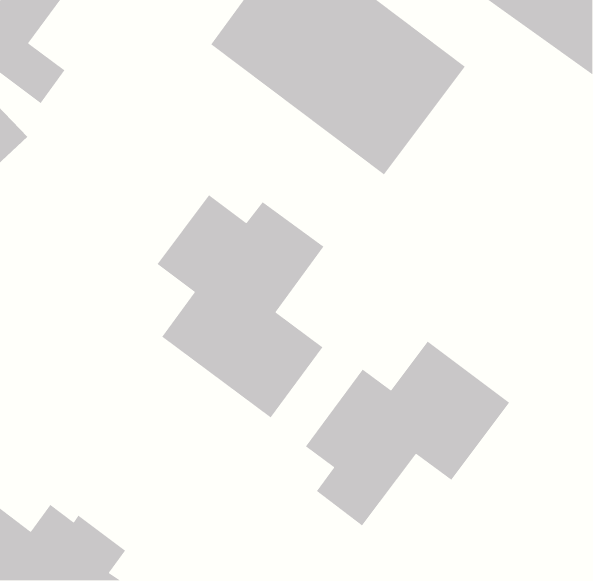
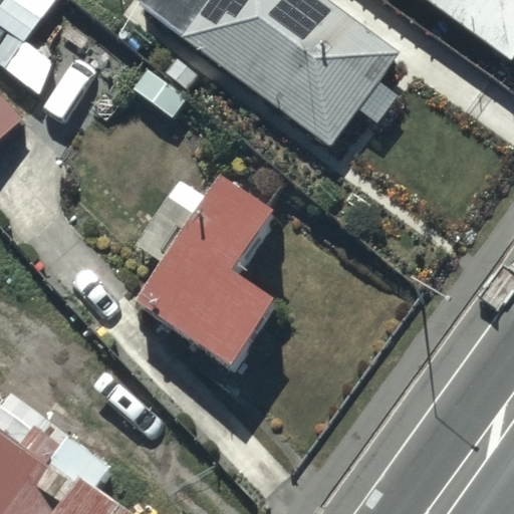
building: [305,341,510,526] -> none

